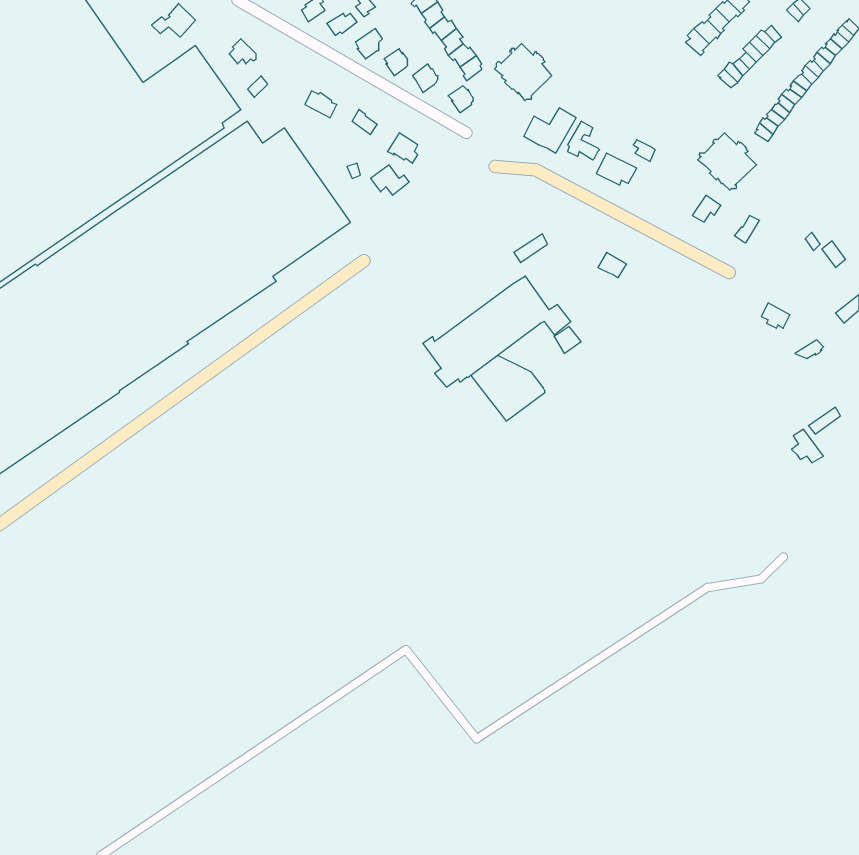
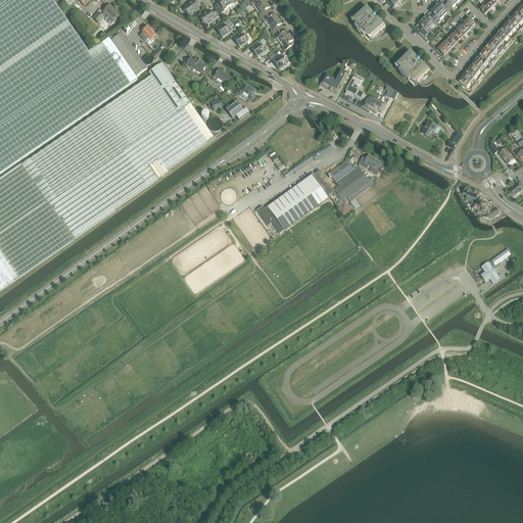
building: [495,43,552,101] -> [349,5,384,40]
building: [698,133,757,190] -> [393,49,429,84]
building: [471,355,545,421] -> [328,159,373,199]

